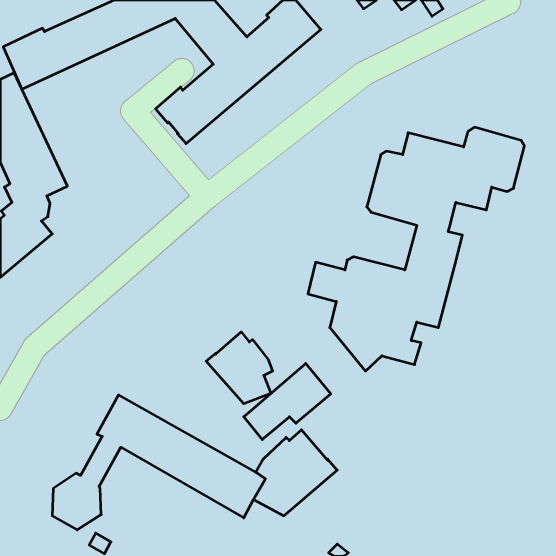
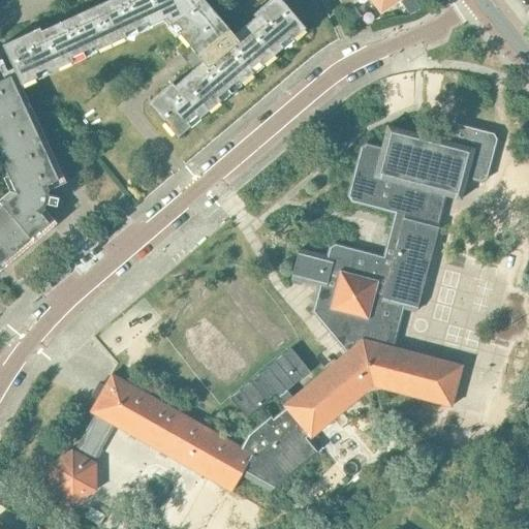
building: [206,332,273,404] -> none
building: none -> [284,338,463,437]

